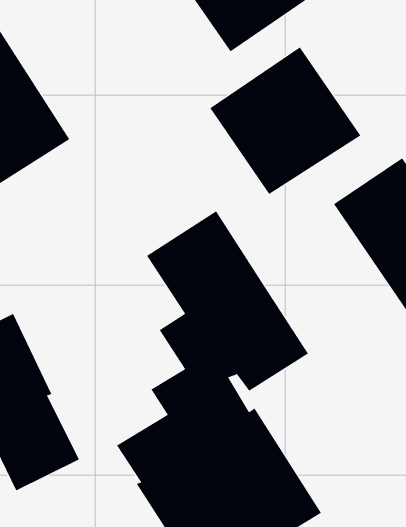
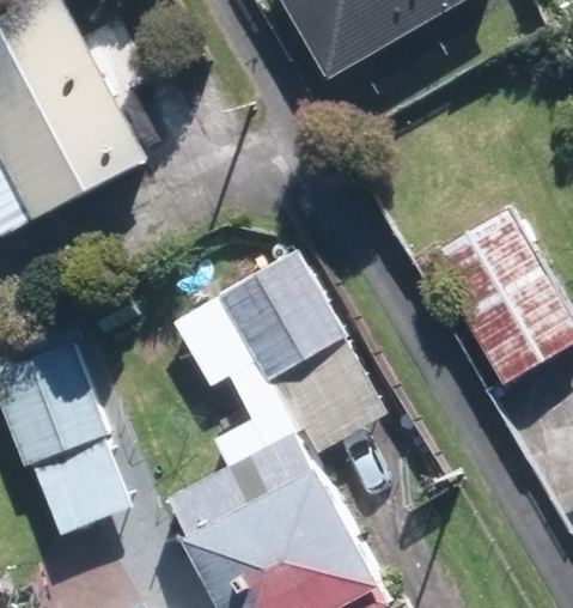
building: [210,46,361,195] -> none

